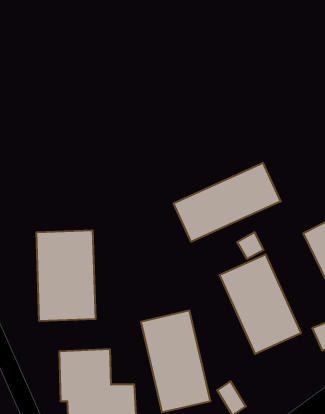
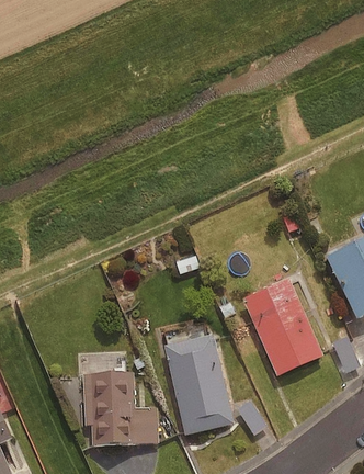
building: [174,163,281,242] -> none
building: [36,230,95,321] -> none

